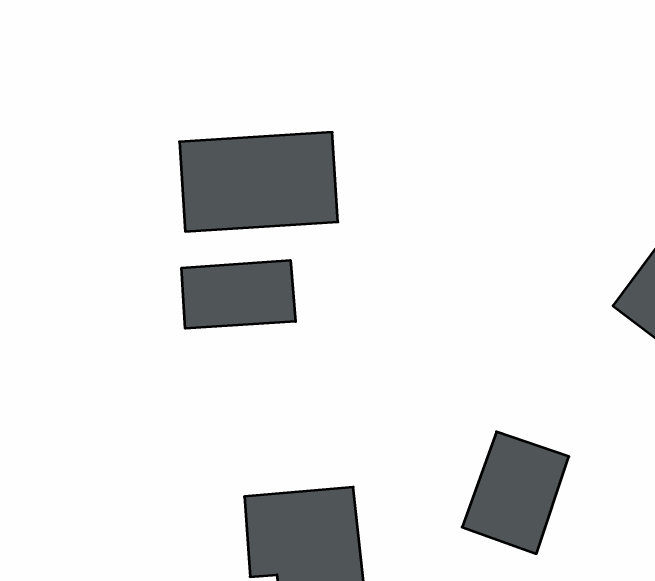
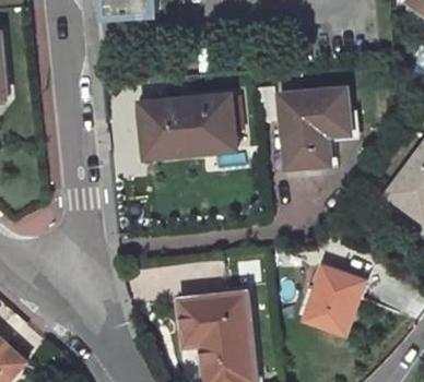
building: none -> [281,86,350,164]
building: [182,260,296,328] -> none

